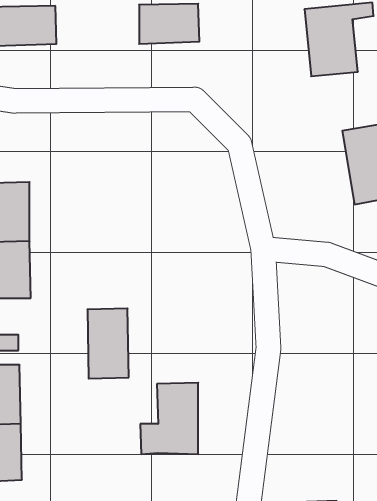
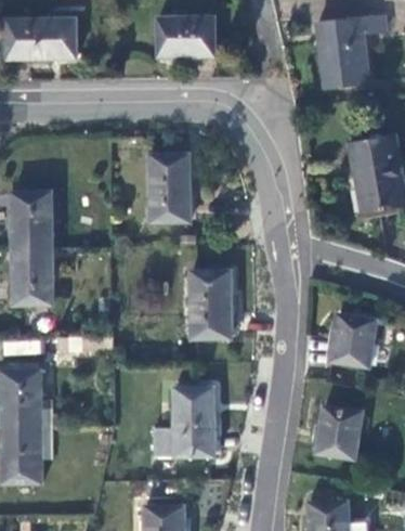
building: none -> [148,153,190,220]
building: none -> [330,313,377,366]
building: [87,308,129,379] -> [191,269,231,337]
building: none -> [317,403,362,456]

